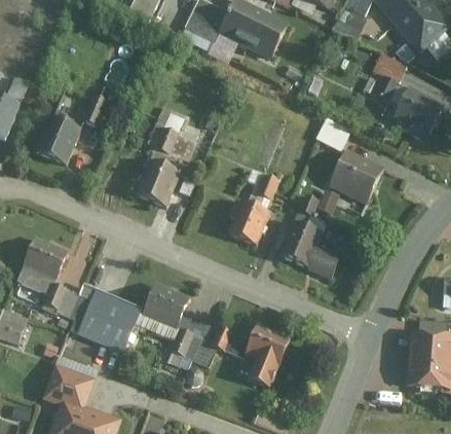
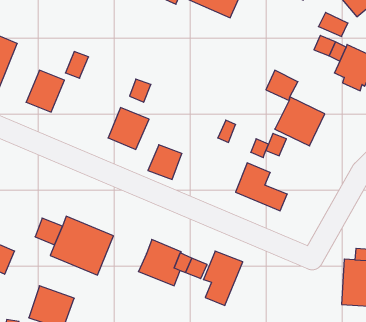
building: [230,203,269,243] -> [148,145,182,179]
building: [17,238,68,293] -> none
building: [145,285,189,328] -> none

